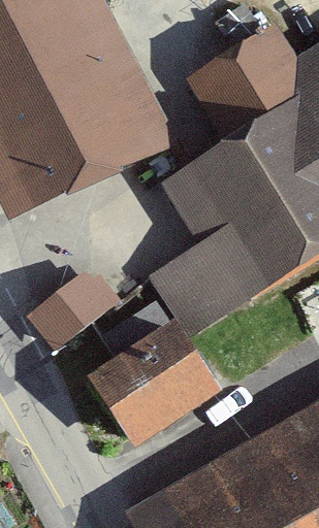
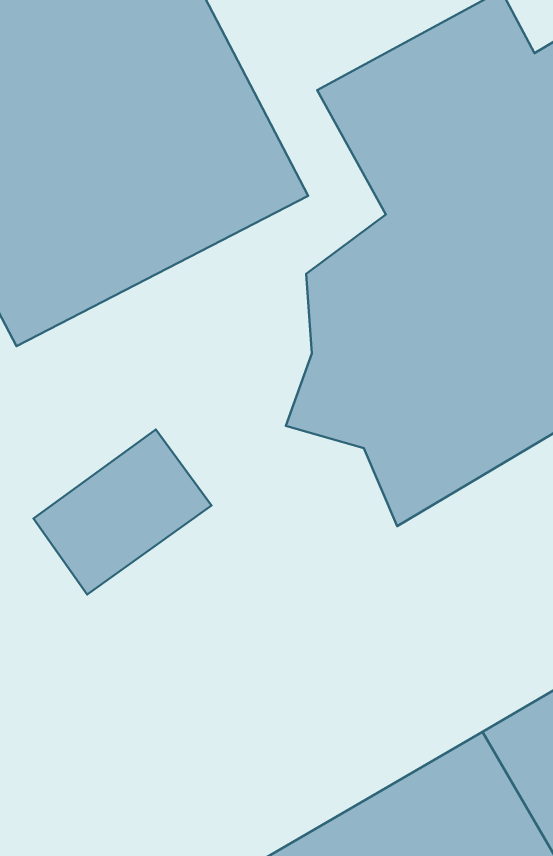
building: [86,317,230,453] -> none

